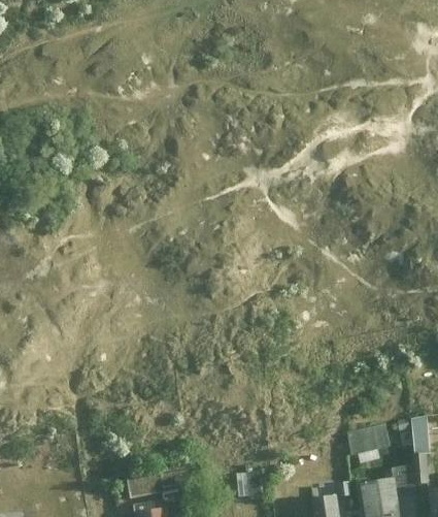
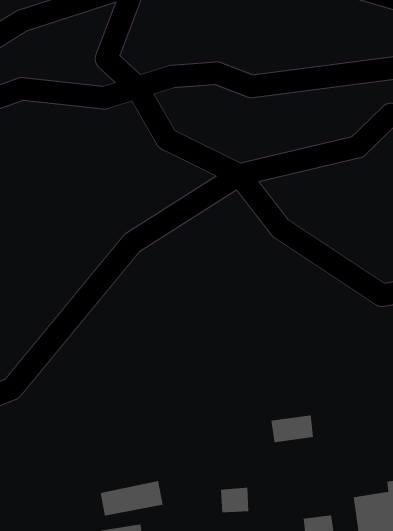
building: [347,428,388,454] -> [270,415,314,443]

